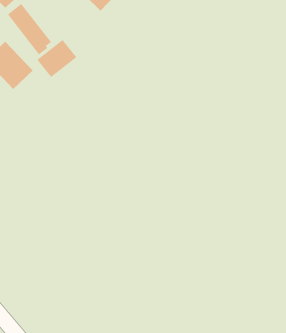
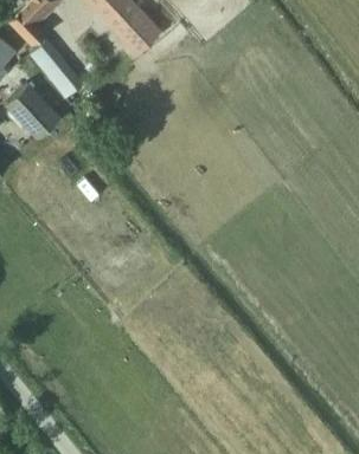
building: [36,39,77,78] -> none

